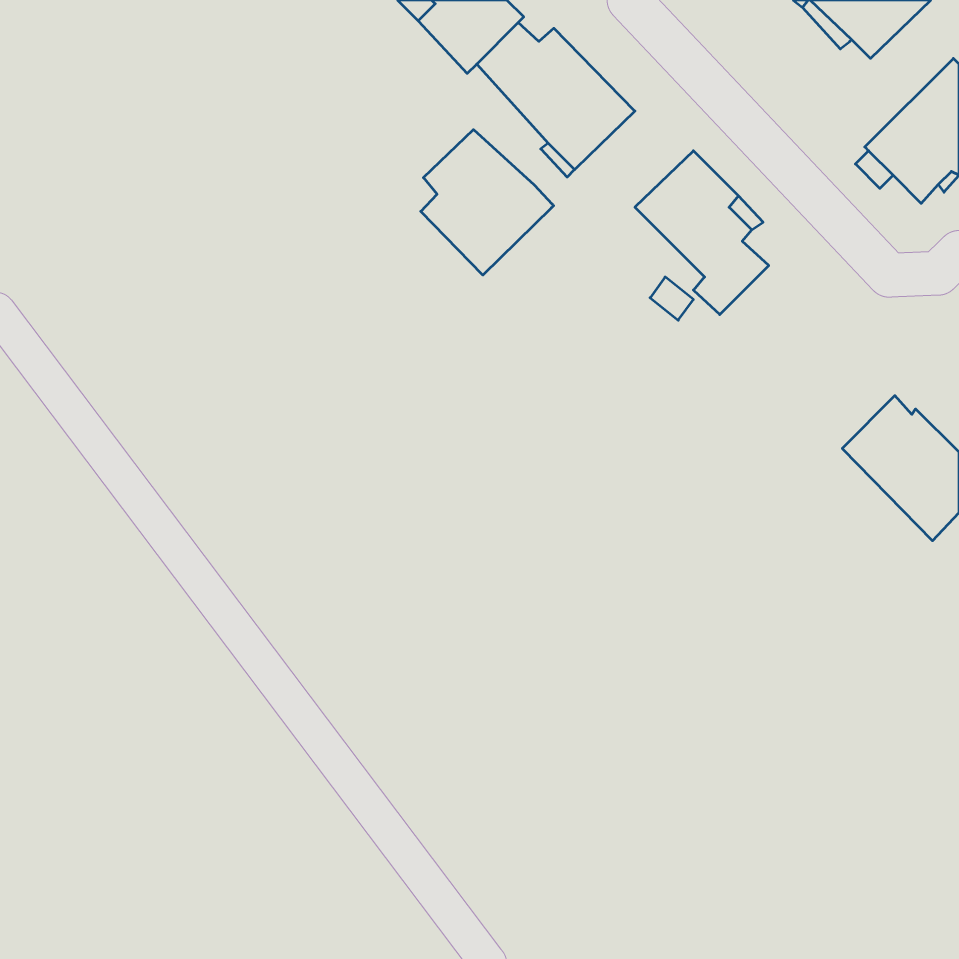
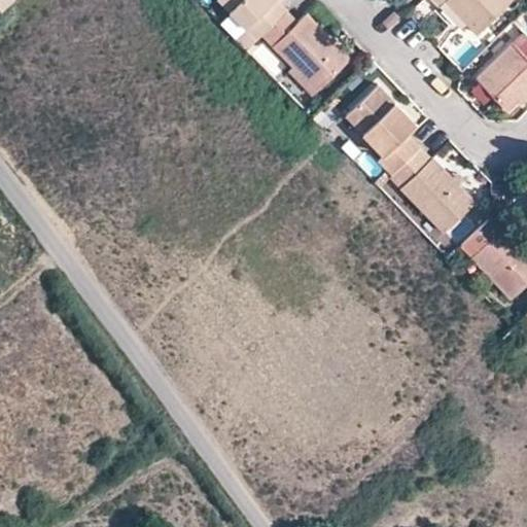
building: [421,130,554,275] -> none
building: none -> [391,148,475,233]

